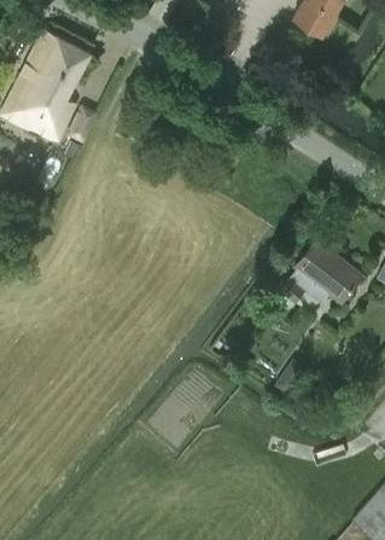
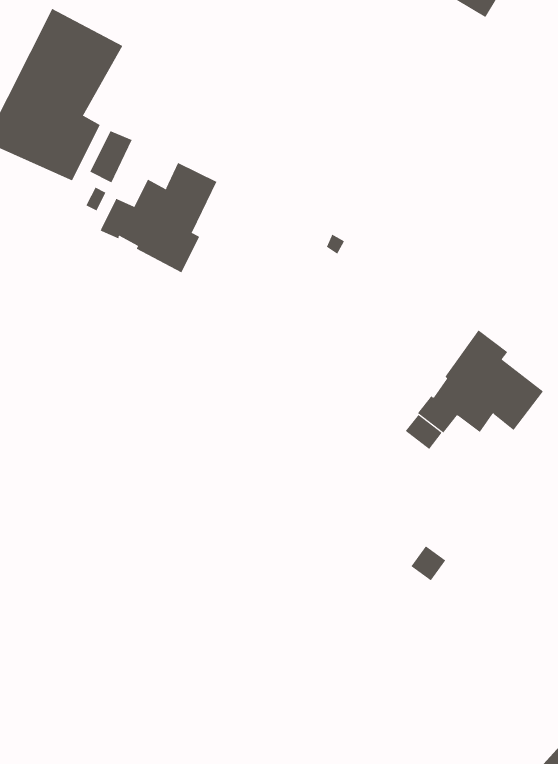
building: none -> [99,162,217,273]

